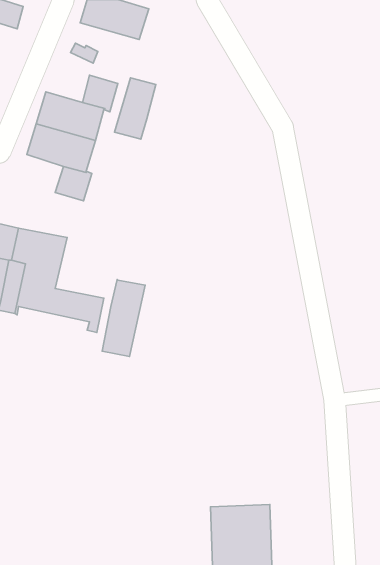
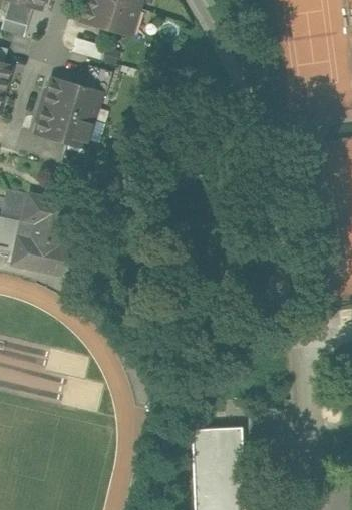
building: [115,78,156,139] -> none
building: [102,279,145,356] -> none

